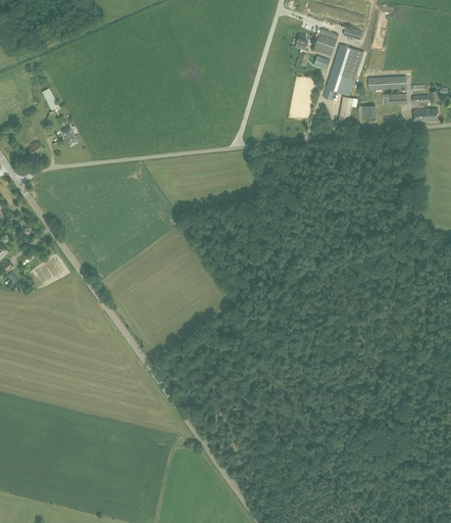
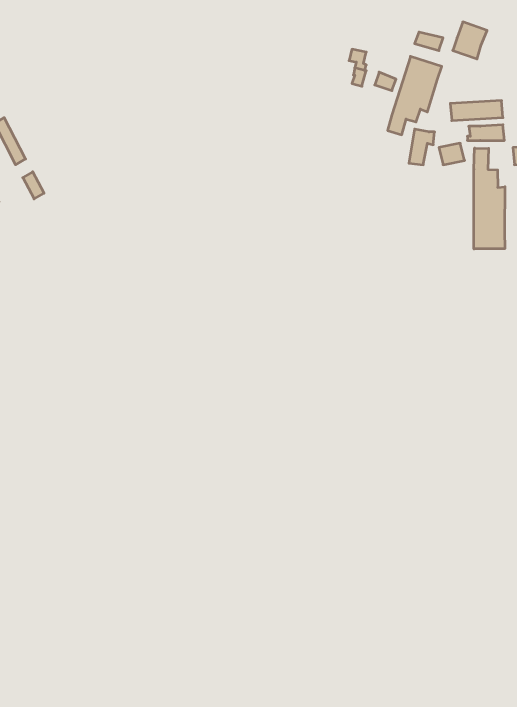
building: [313,28,338,54] -> [453,22,487,59]
building: none -> [474,148,505,249]

